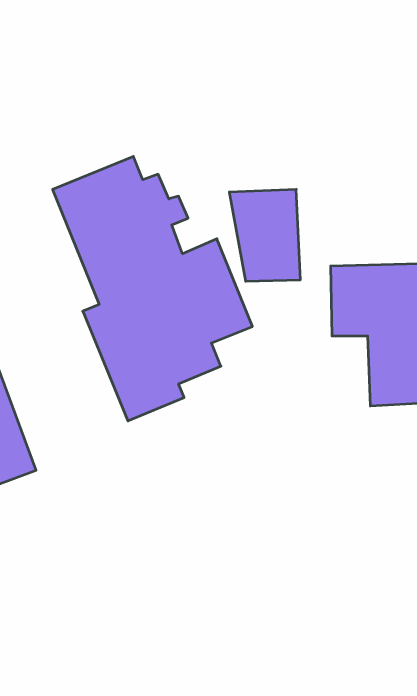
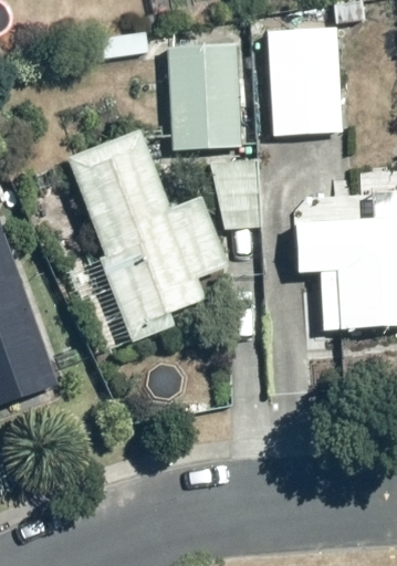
building: none -> [261,21,341,134]
building: none -> [102,29,252,148]

